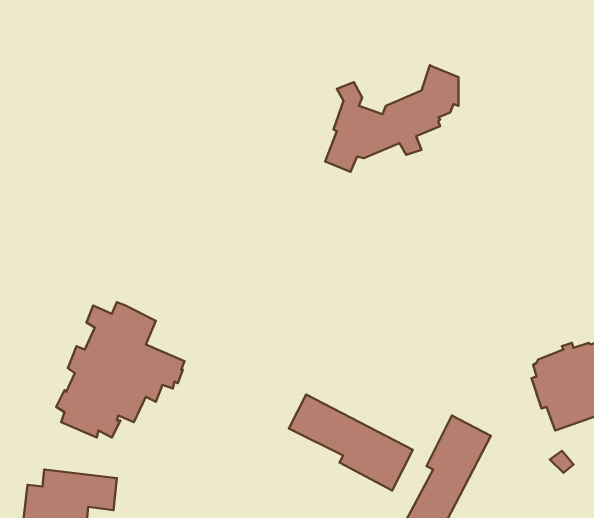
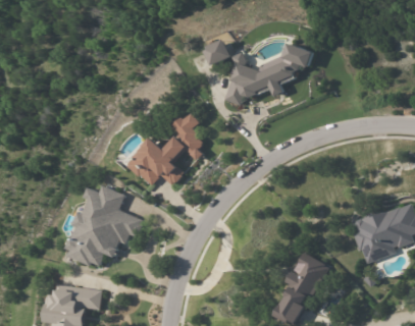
building: none -> [204,37,230,64]
building: none -> [126,112,204,186]
building: [289,395,413,491] -> none

